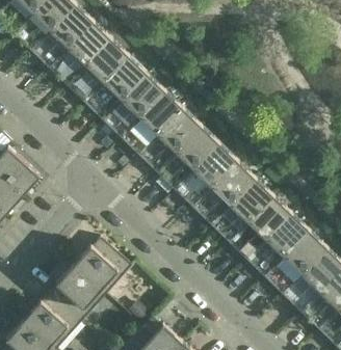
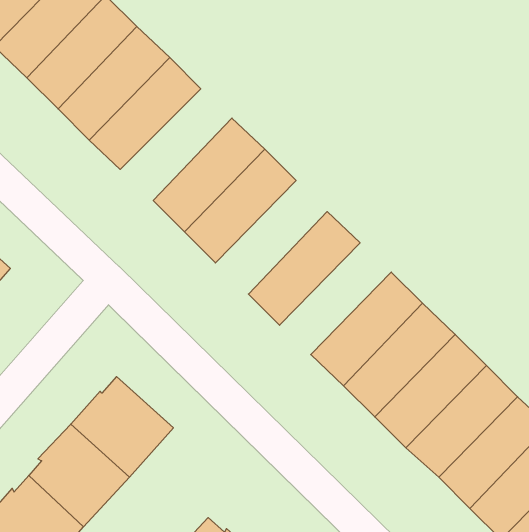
building: [101,73,164,136] -> none
building: [155,125,218,189] -> none
building: [191,160,255,223] -> none

